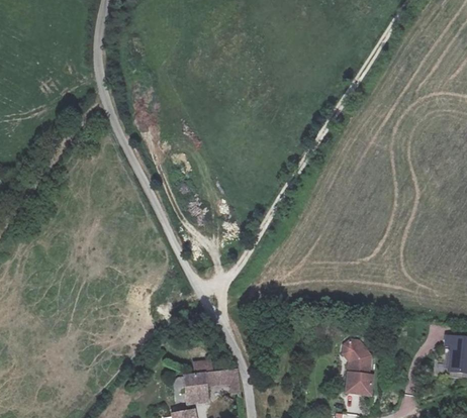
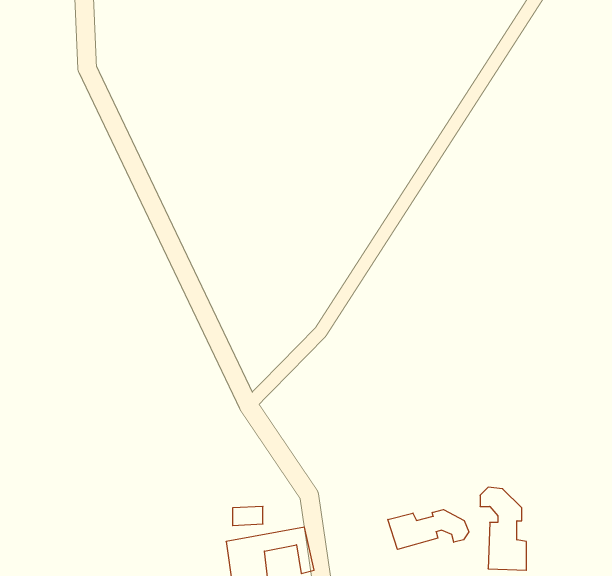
building: none -> [388,510,469,549]

